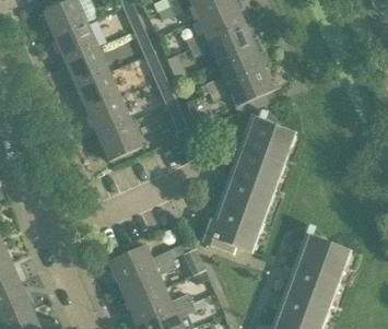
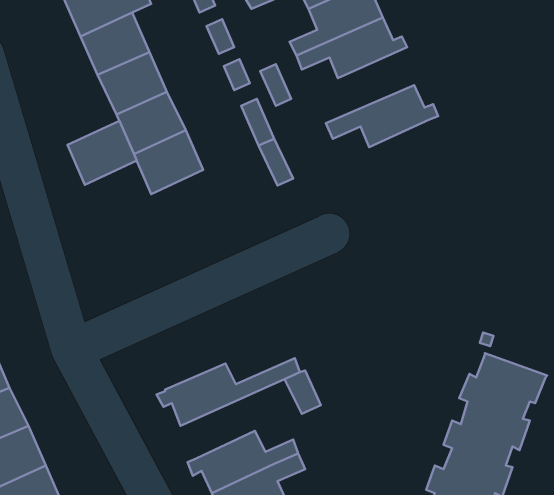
building: [205,44,264,92] -> none
building: [203,119,293,252] -> none
building: [98,121,142,162] -> [68,121,137,185]
building: [117,258,177,306] -> none

